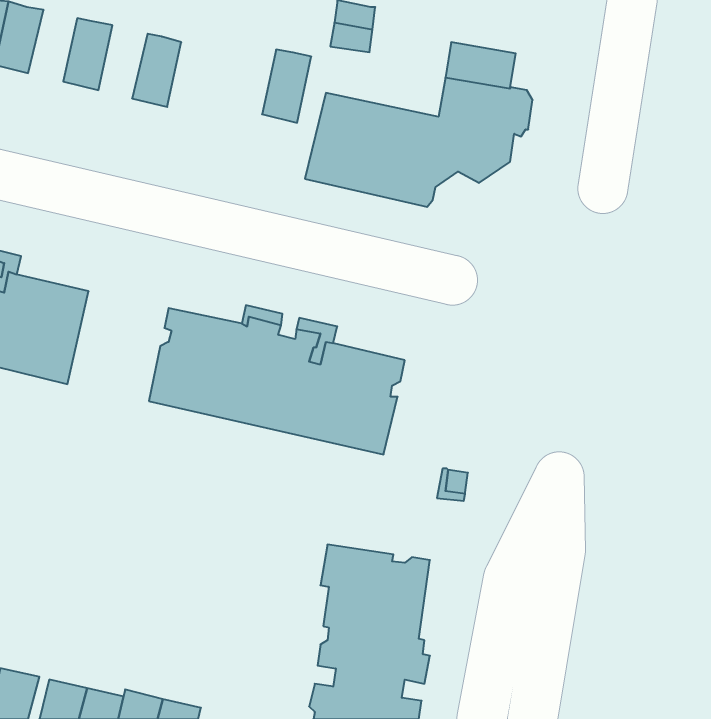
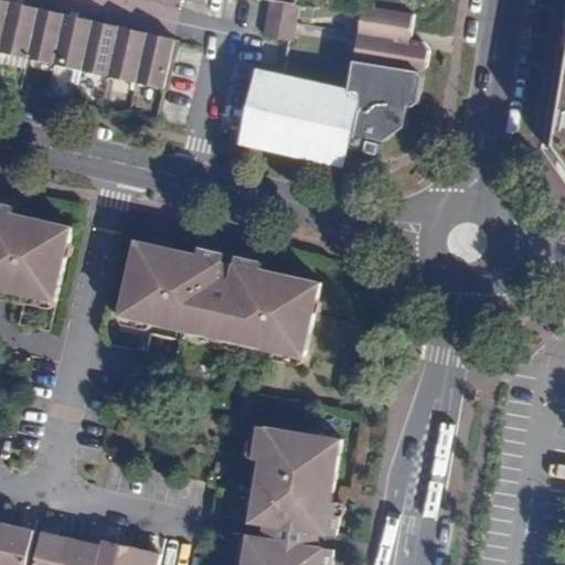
building: none -> [354,6,409,42]
building: none -> [22,8,61,64]
building: none -> [77,20,116,77]
building: [262,50,311,123] -> [131,33,170,90]

